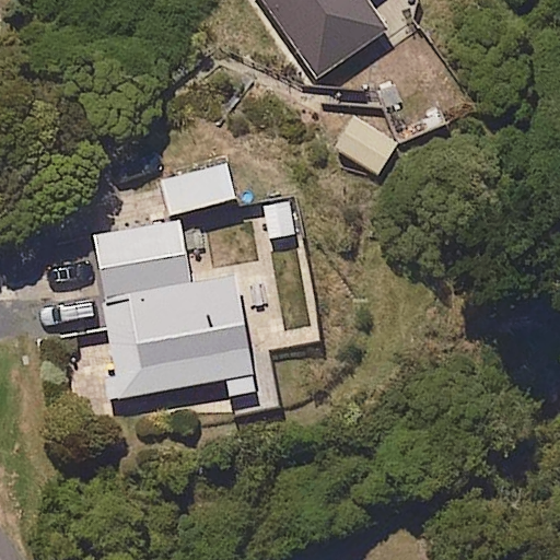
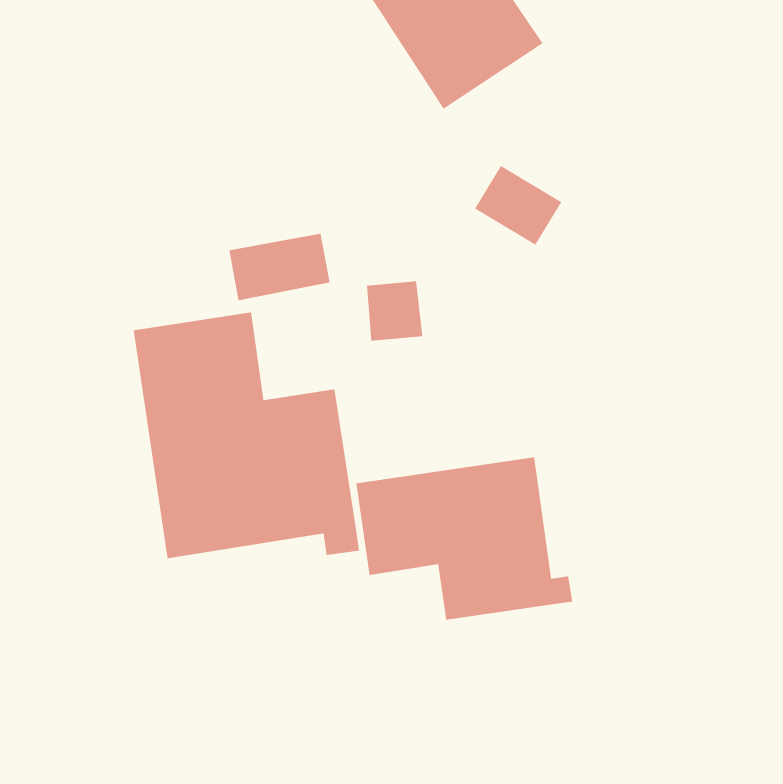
building: none -> [356,456,573,620]

